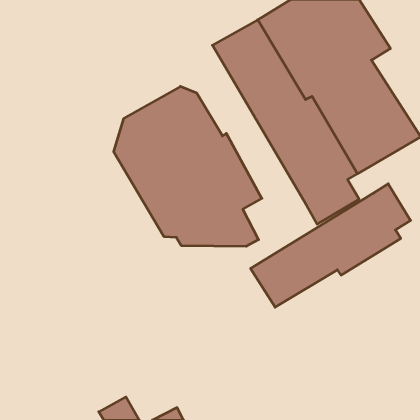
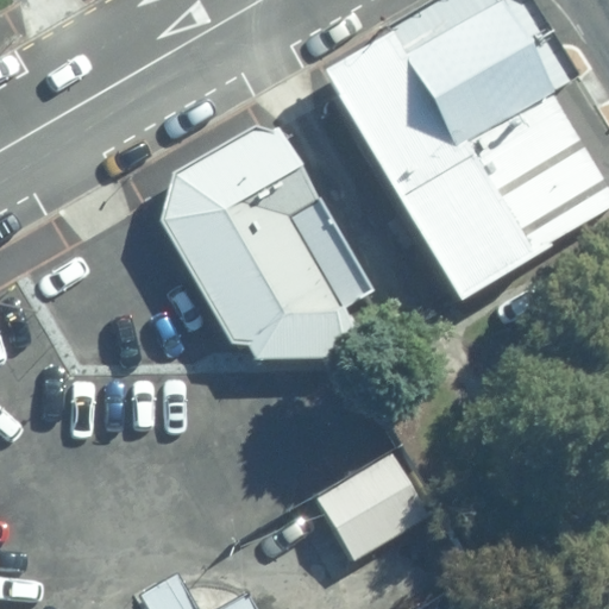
building: [251,184,411,307] -> none
building: none -> [318,453,432,564]

